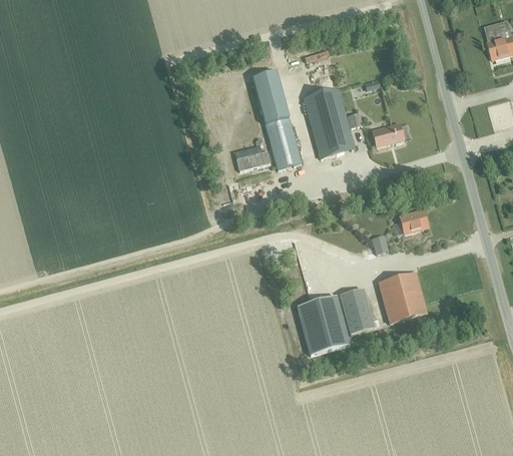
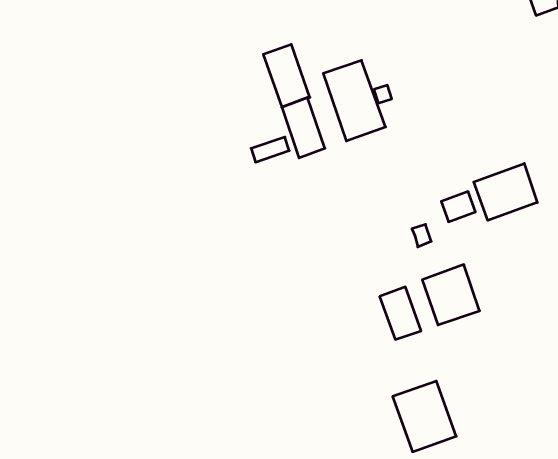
building: [372,122,404,146] -> none
building: none -> [474,163,537,220]
building: [297,295,350,355] -> [393,381,456,452]

